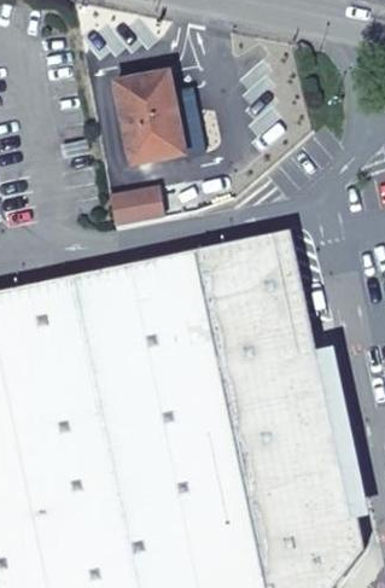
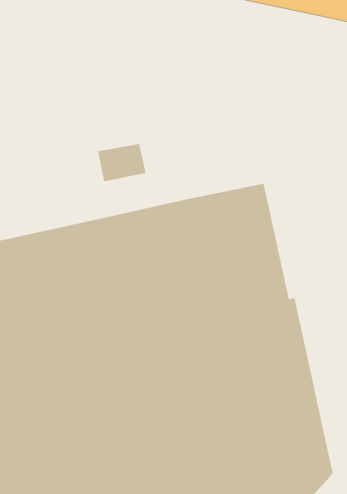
building: [116,74,183,168] -> none

